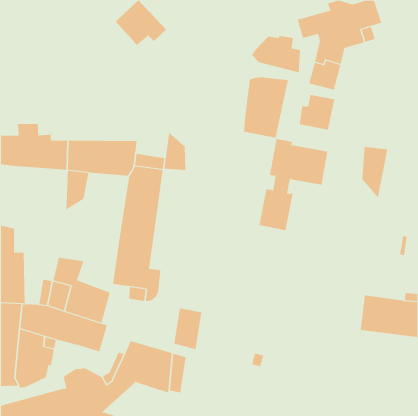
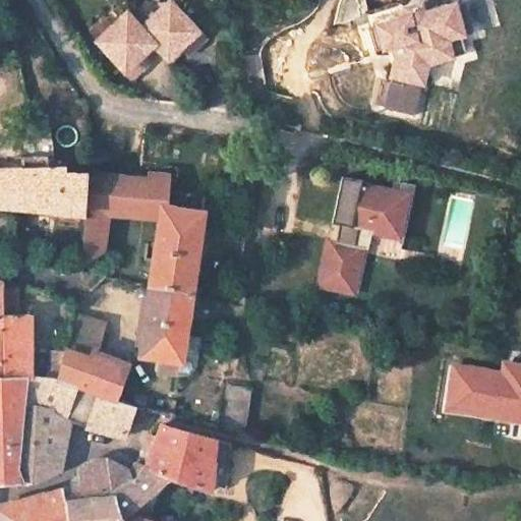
building: none -> [99,14,156,79]
building: [251,35,300,73] -> none
building: [243,77,288,138] -> none
building: [299,94,335,131] -> none
building: [164,132,186,171] -> none
building: [362,146,388,199] -> none

